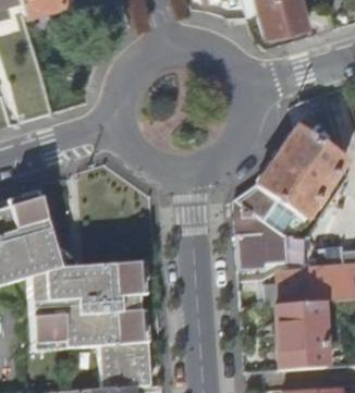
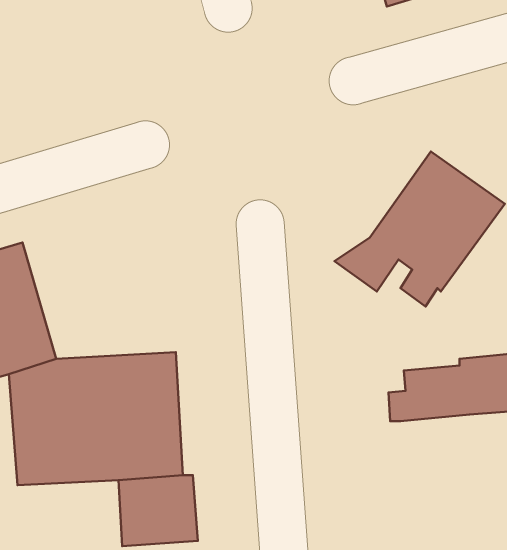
building: [235,204,286,272] -> none
building: [278,303,325,354] -> none

